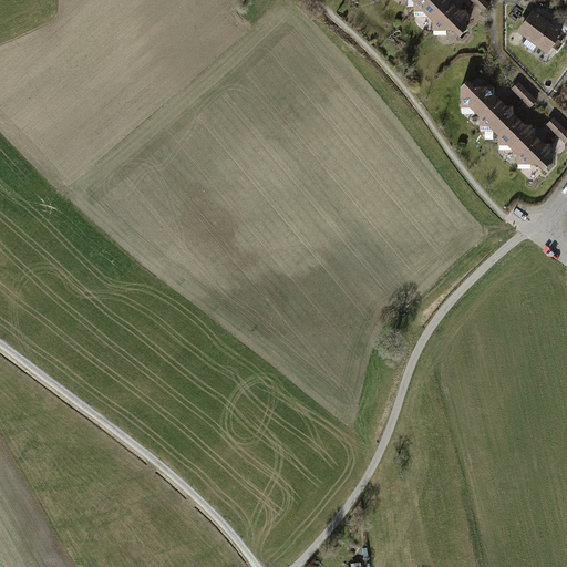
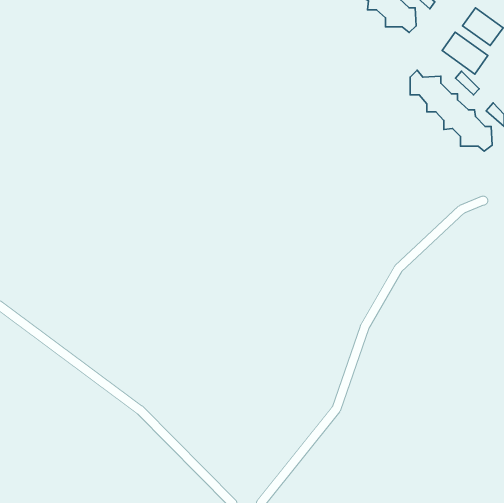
building: none -> [442,32,488,74]

